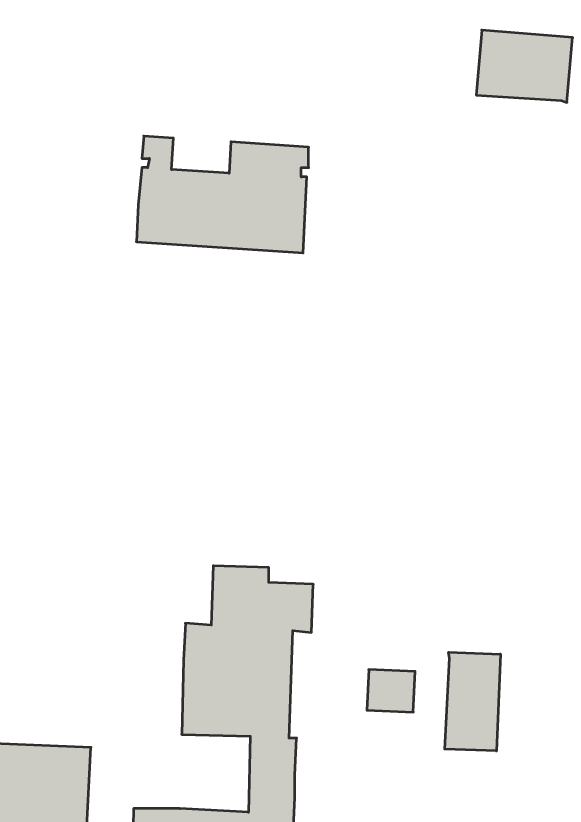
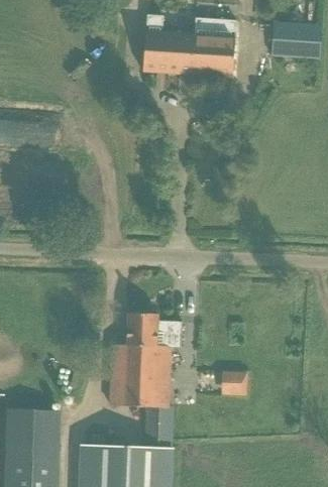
building: [136,136,309,253] -> [142,15,236,79]
building: [445,652,500,751] -> none

